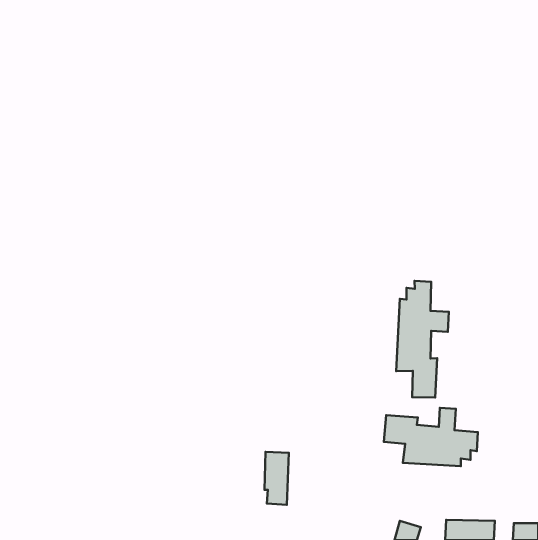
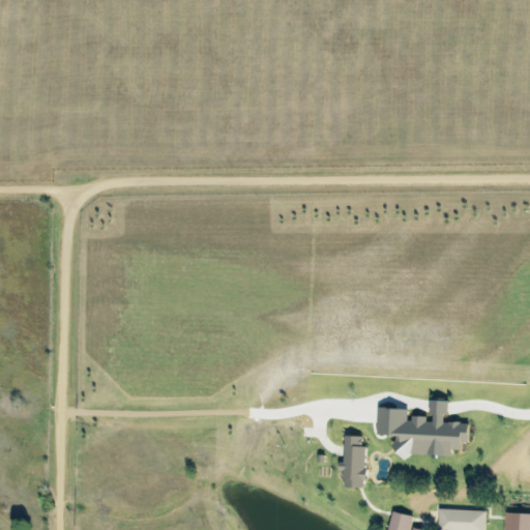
building: [396,281,449,398] -> none
building: [265,452,289,505] -> [342,435,365,487]

